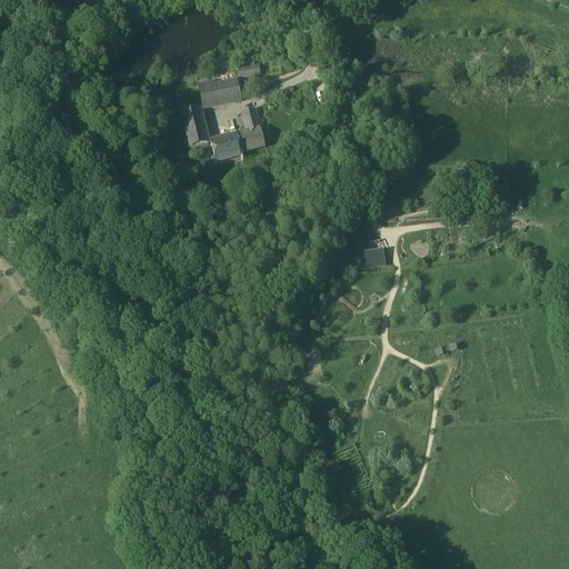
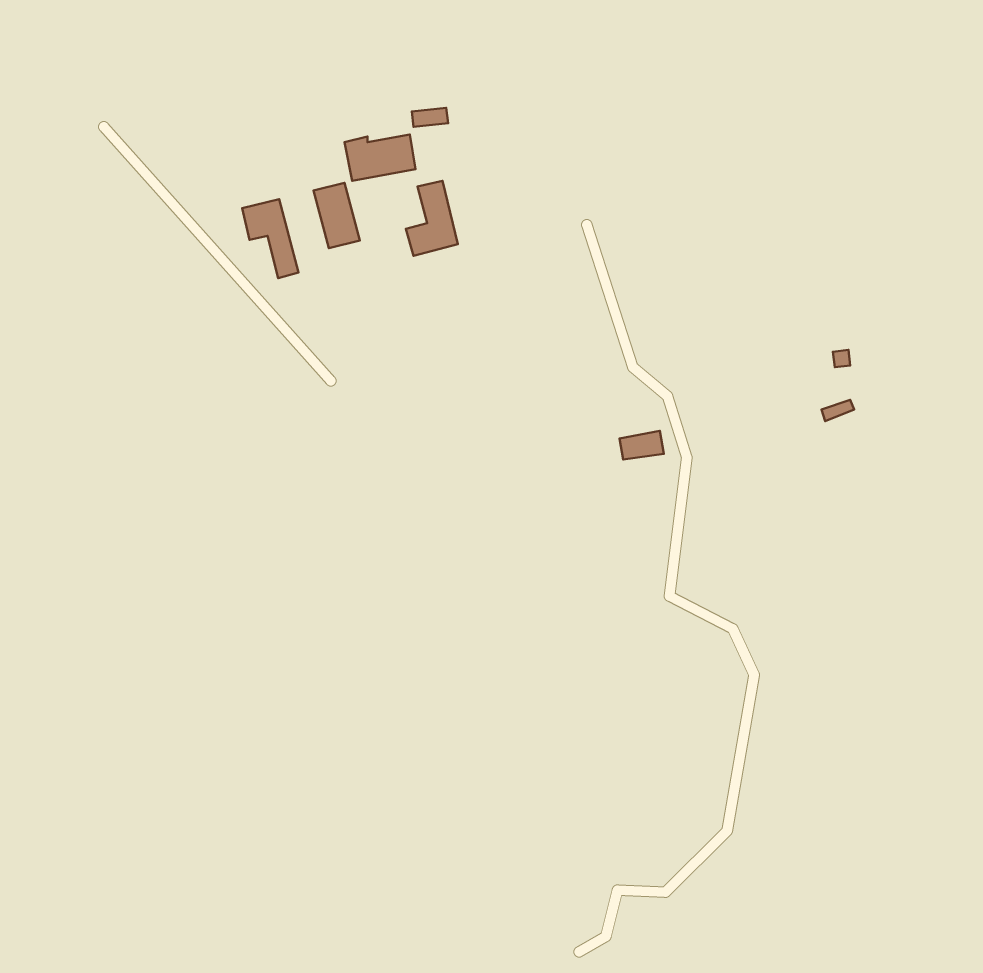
building: none -> [242,199,299,278]
building: [210,132,240,159] -> none

